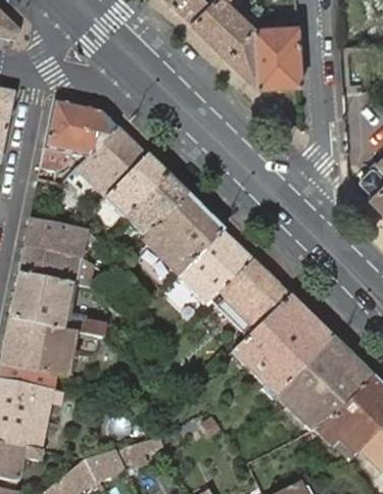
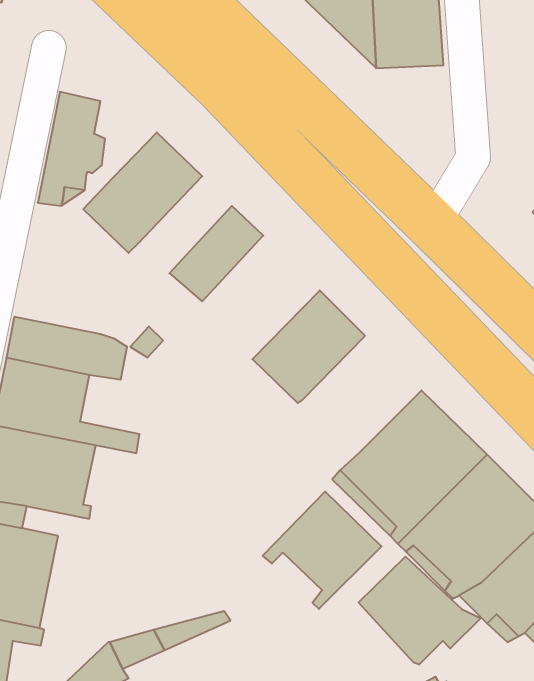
building: [75,106,116,156] -> none
building: [104,155,165,218] -> none
building: [142,194,223,275] -> none
building: [23,216,86,258] -> none
building: [211,259,289,336] -> [263,492,382,609]
building: none -> [359,557,481,665]

